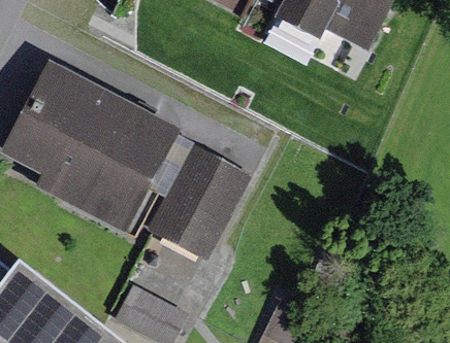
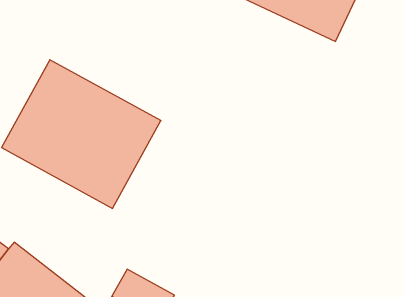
building: [158,148,249,249] -> none

